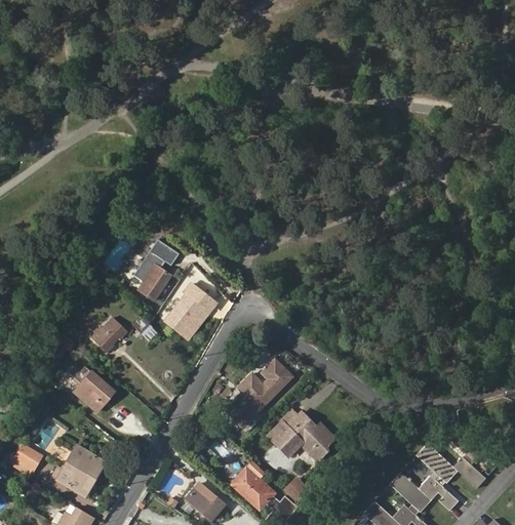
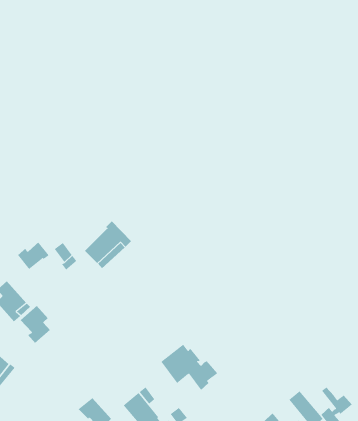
building: [132,238,180,299] -> none
building: [224,361,288,426] -> none
building: none -> [20,305,51,344]

